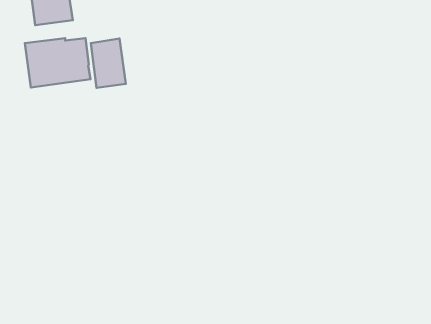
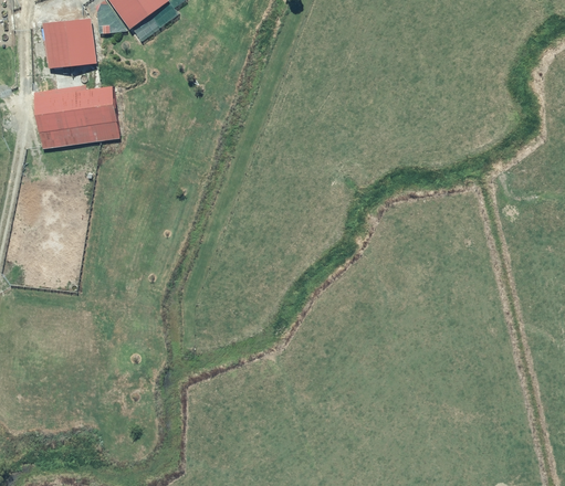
building: [91,39,126,88] -> none

